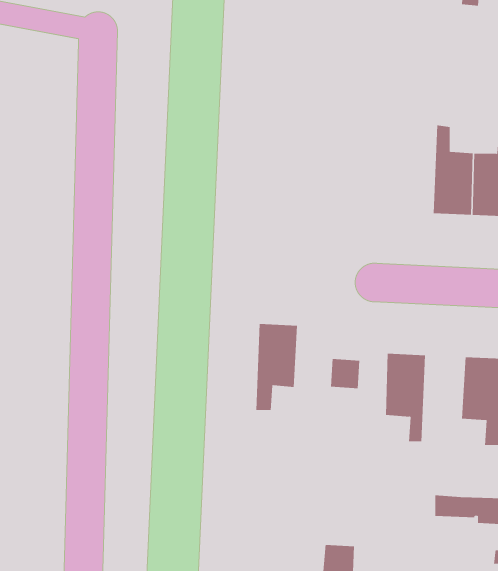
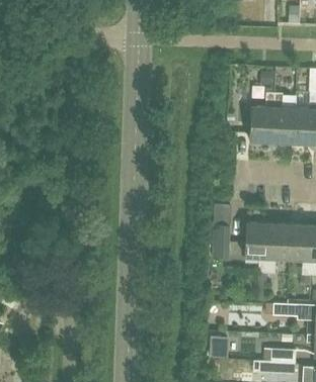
building: none -> [249,92,273,142]
building: [255,324,298,410] -> [265,223,290,273]

